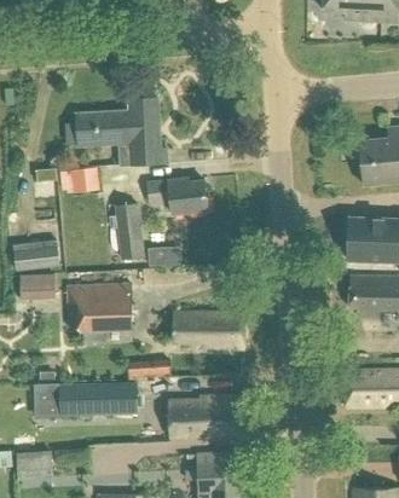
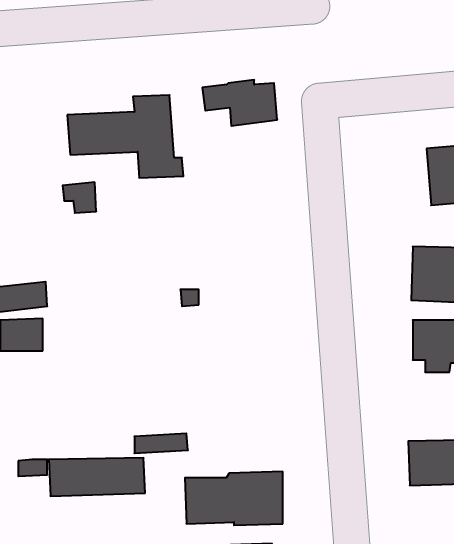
building: [148,178,207,214] -> [202,80,277,126]
building: [115,202,144,259] -> none
building: [66,283,132,328] -> none
building: [172,309,242,347] -> none

